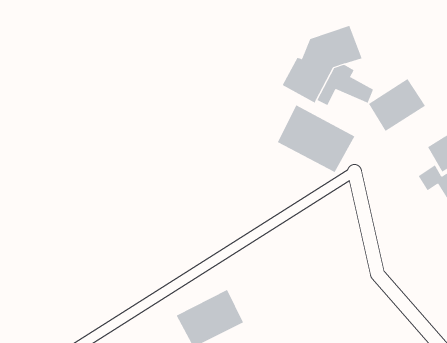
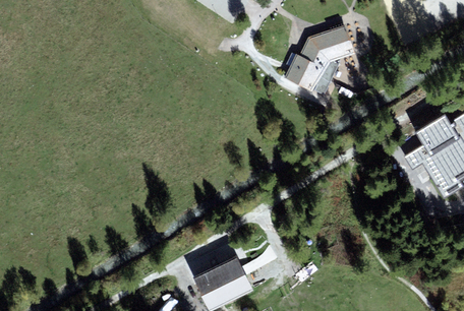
building: [368,78,426,132] -> none
building: [277,105,355,173] -> none

